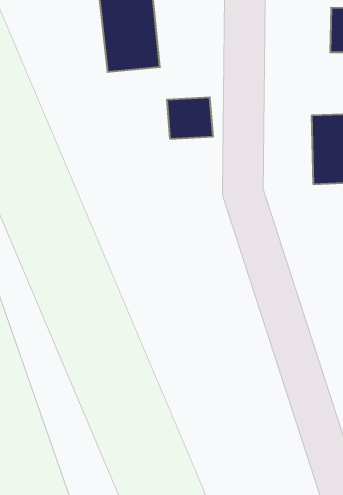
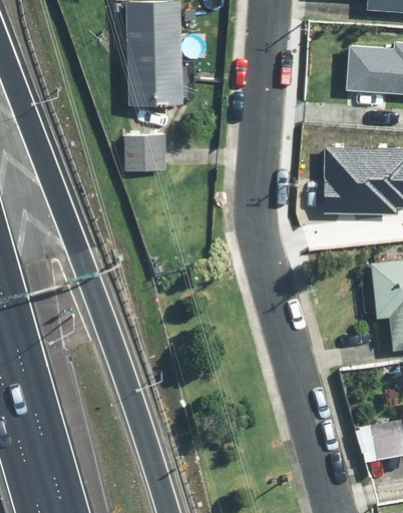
building: [167,97,213,139] -> [124,135,166,172]

